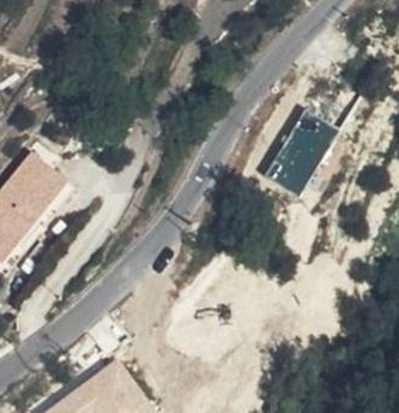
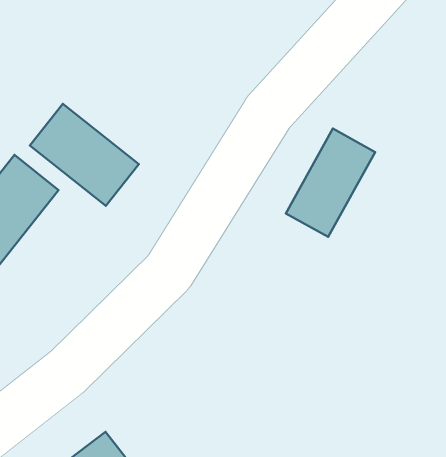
building: none -> [30,104,139,206]

